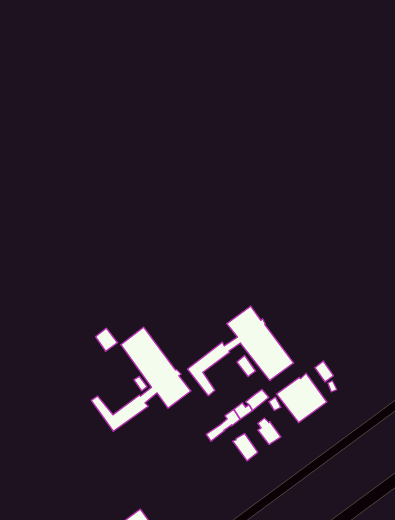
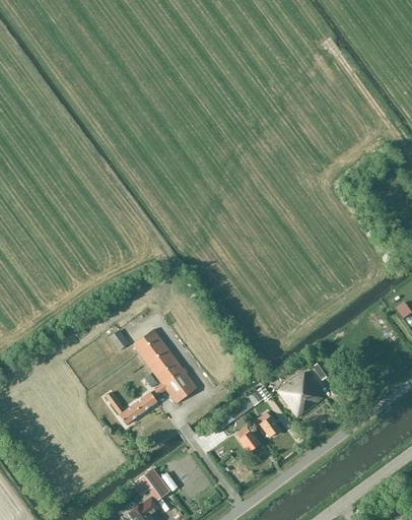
building: [188,306,294,396] -> none
building: none -> [134,470,169,502]

